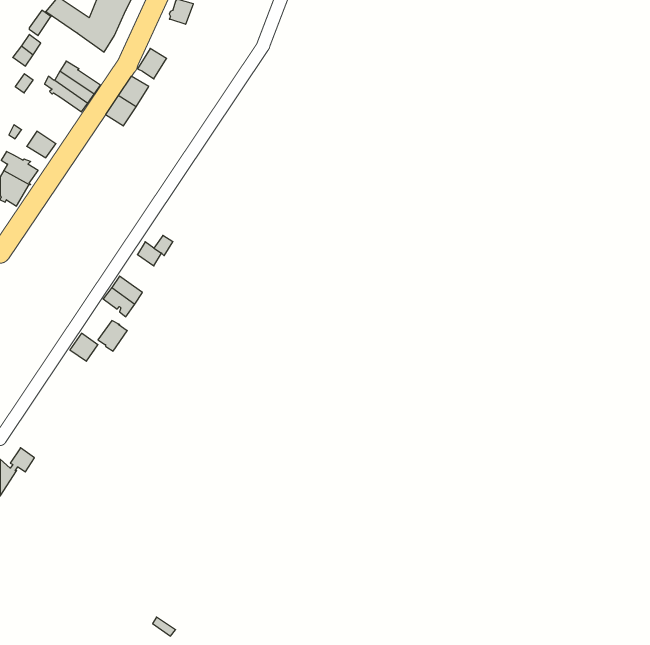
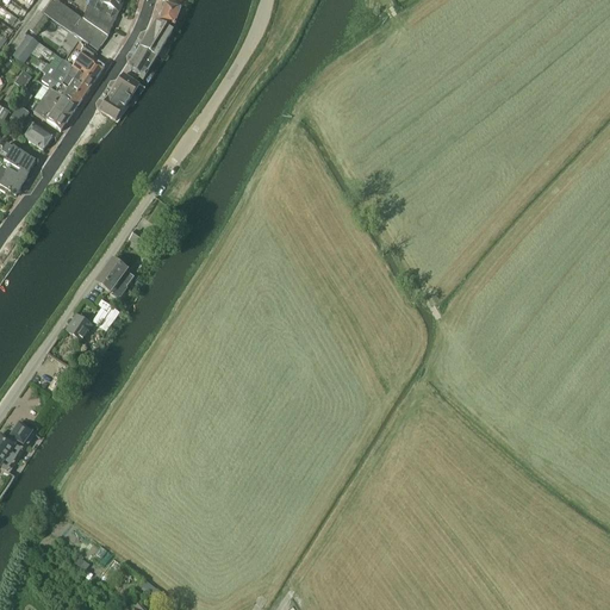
building: none -> [141,19,172,55]
building: none -> [73,44,104,80]
building: none -> [33,87,76,129]

